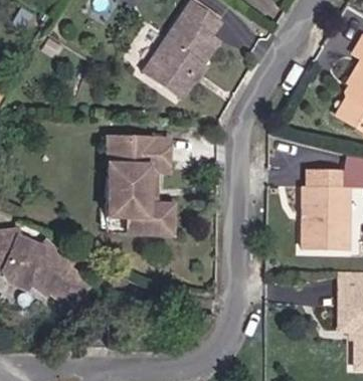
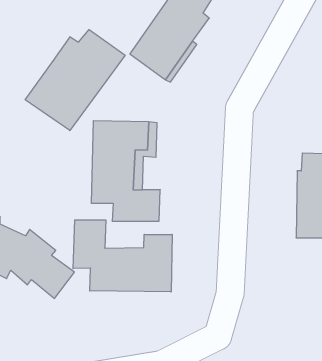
building: none -> [25,30,125,131]
building: none -> [73,220,172,292]

